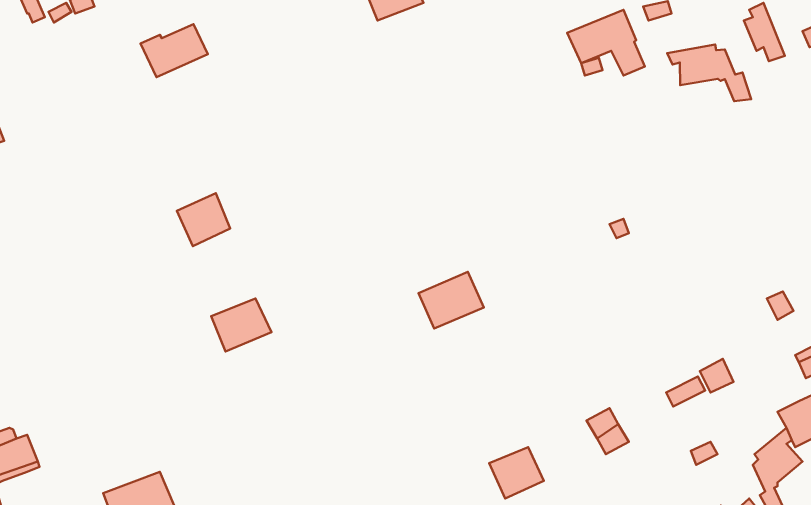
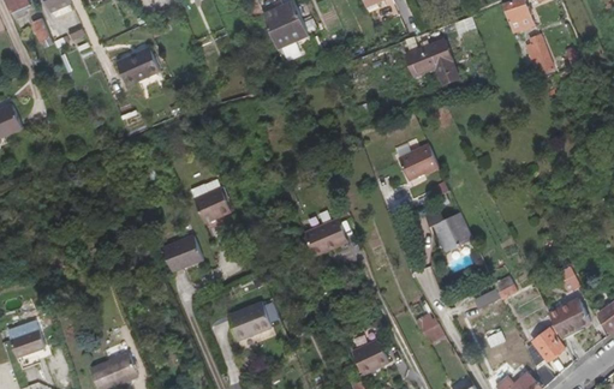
building: [667,44,751,101] -> none
building: none -> [397,145,436,181]
building: [177,193,230,246] -> [193,186,229,222]
building: none -> [424,210,472,253]
building: none -> [228,299,273,340]

